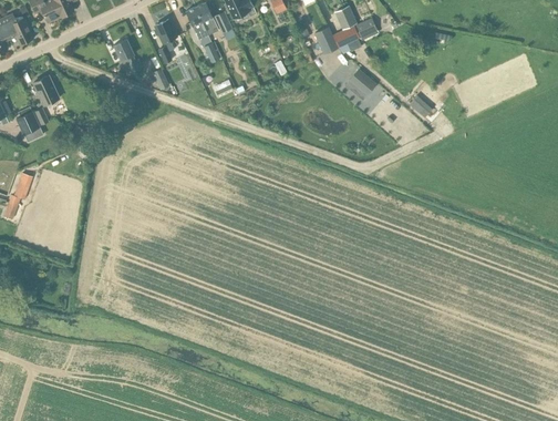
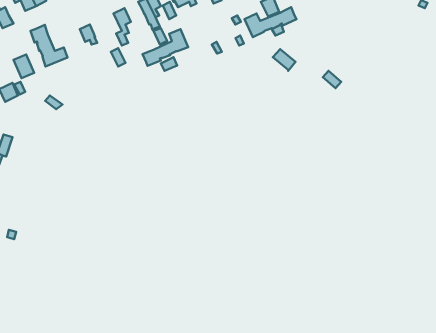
building: none -> [31,25,67,67]
building: none -> [143,29,188,66]

